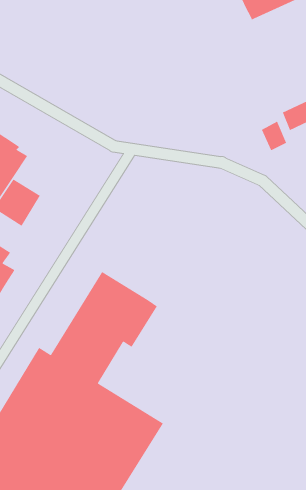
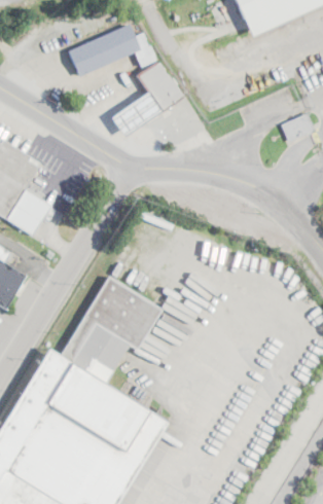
building: none -> [67,24,181,136]
building: [261,121,287,151] -> none

